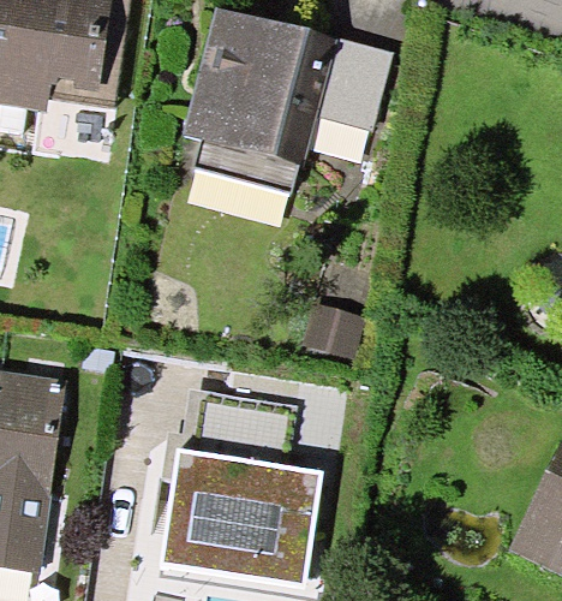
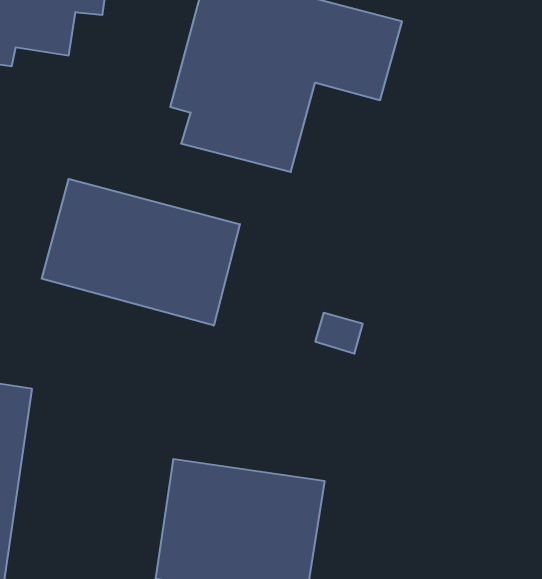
building: none -> [42,179,240,326]

